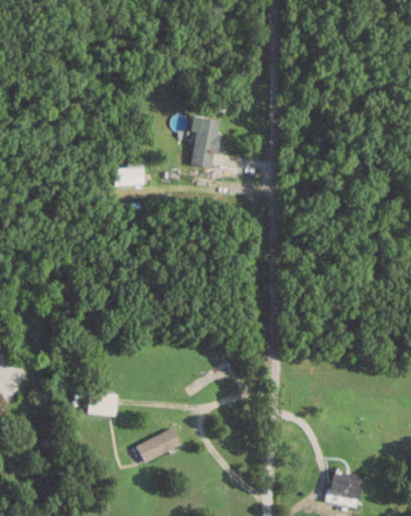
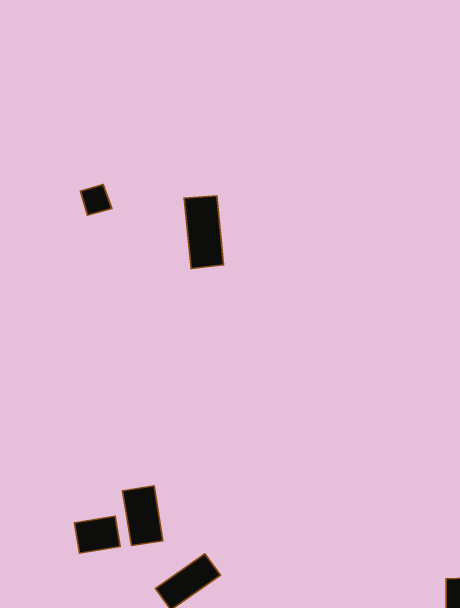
building: [193,118,219,167] -> [184,196,223,269]
building: none -> [123,486,163,546]

